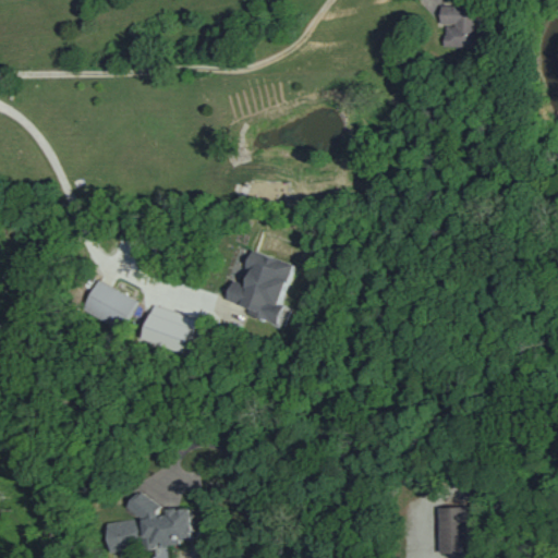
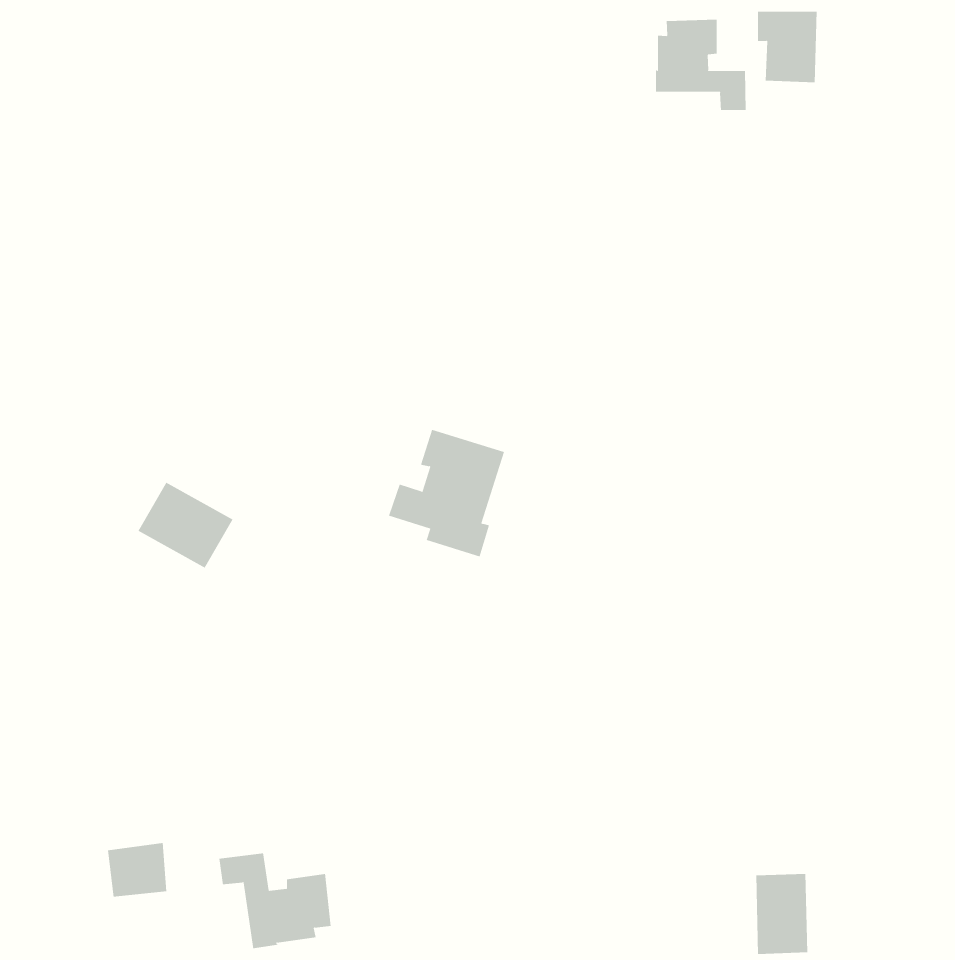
building: none -> [655,19,746,111]
building: [140,305,193,353] -> none
building: [106,519,141,550] -> [107,843,167,897]

